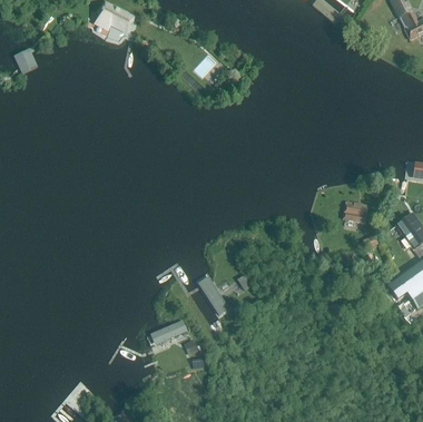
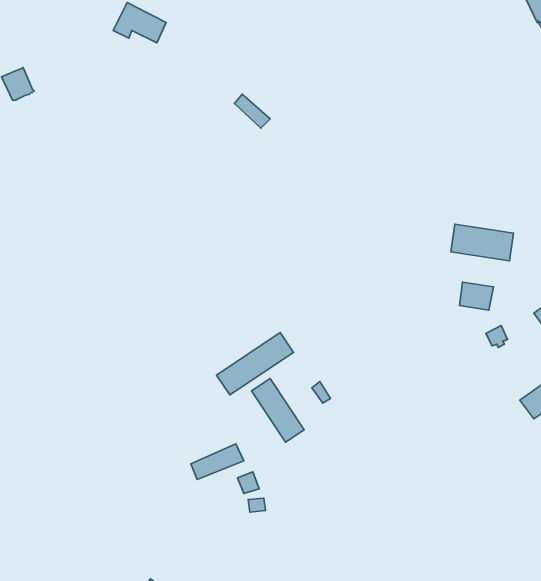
building: none -> [451,224,514,261]
building: none -> [216,332,294,395]

